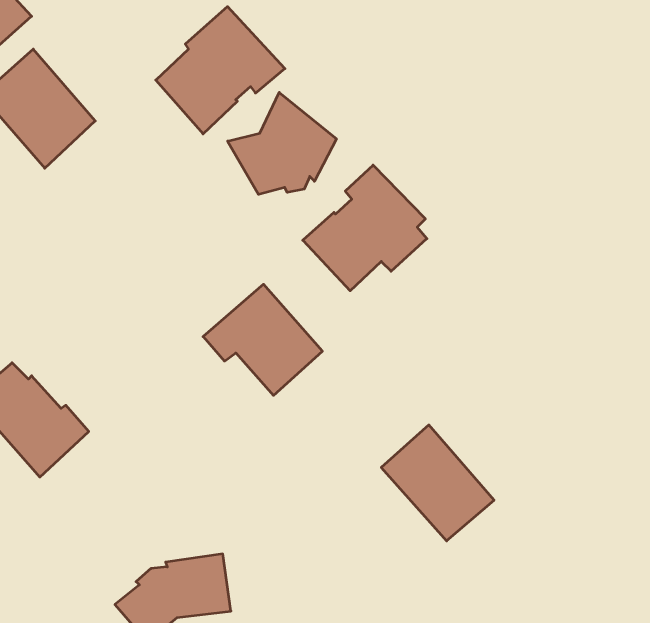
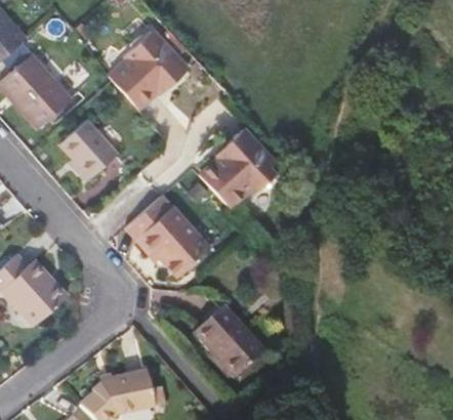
building: [228,92,336,194] -> none
building: none -> [59,119,116,177]
building: [381,425,494,541] -> [195,302,265,375]

